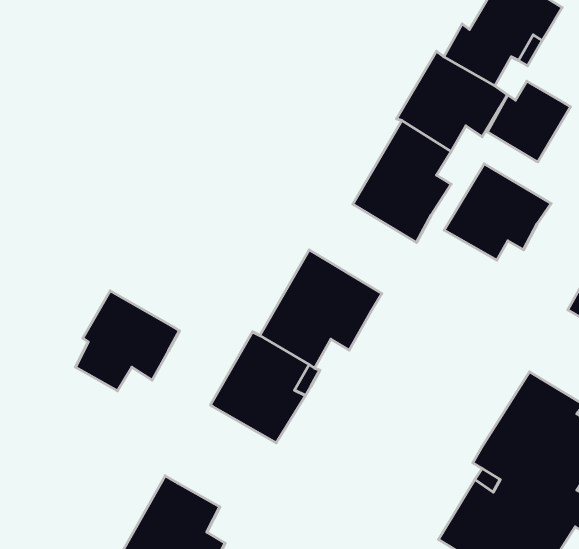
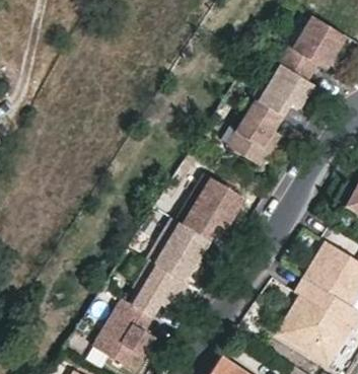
building: [487,81,571,162] -> none
building: [444,164,551,260] -> none
building: [75,291,179,391] -> [130,259,188,315]

